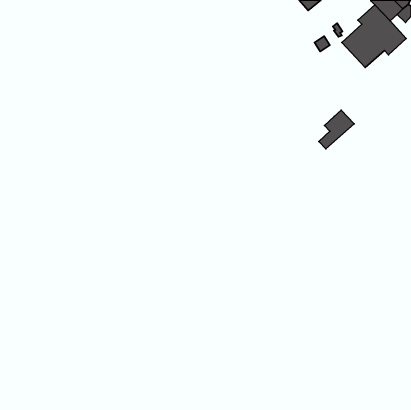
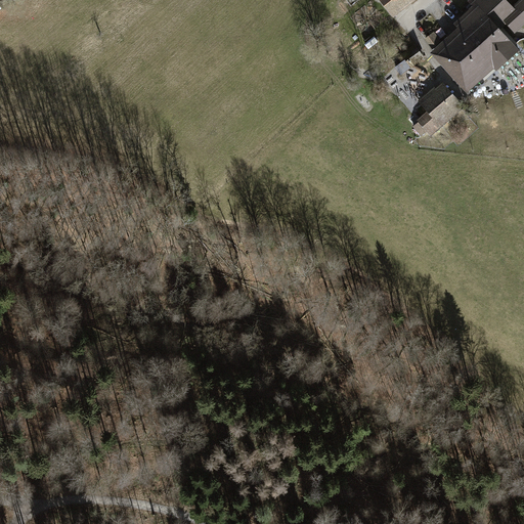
building: [319,110,354,149] -> [413,86,458,135]

